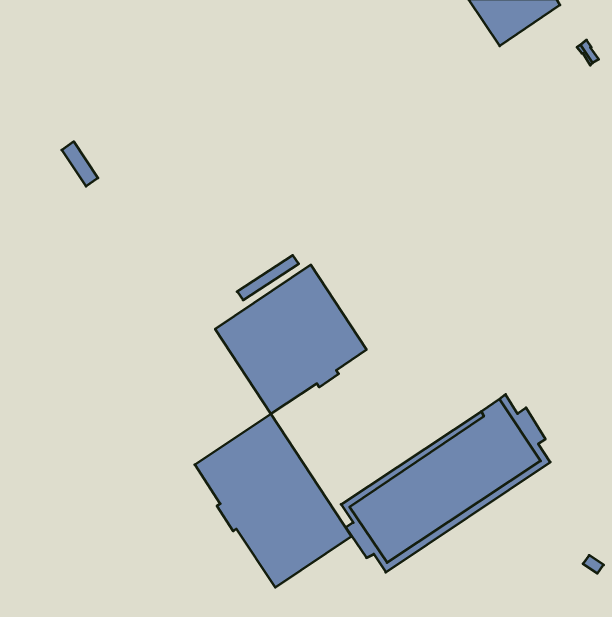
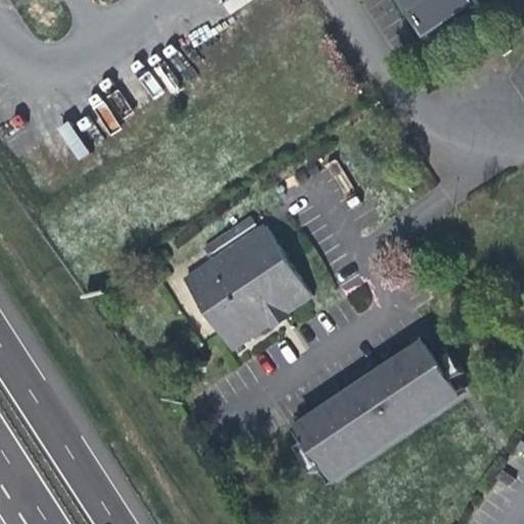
building: [195,414,352,587] -> none

